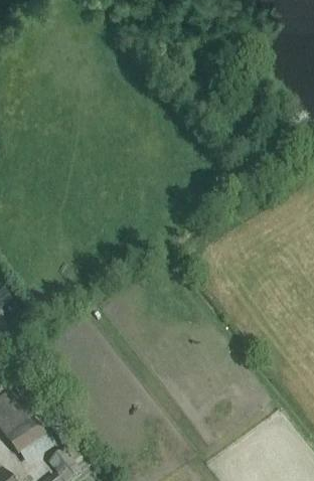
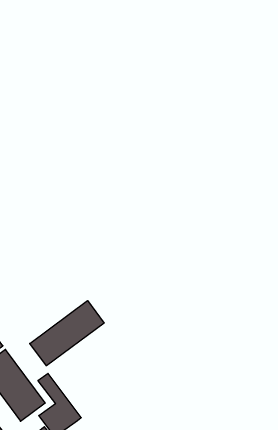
building: none -> [30,301,104,366]

